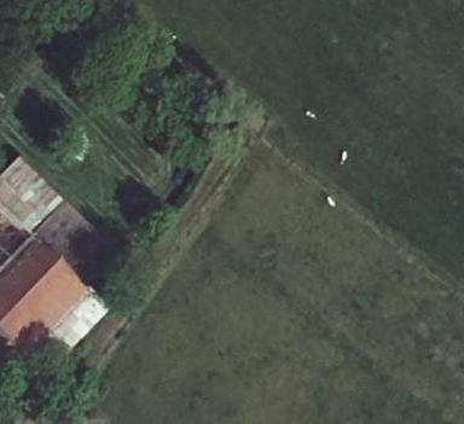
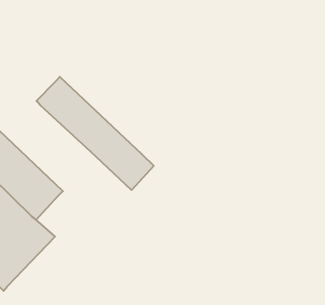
building: none -> [36,77,154,190]

